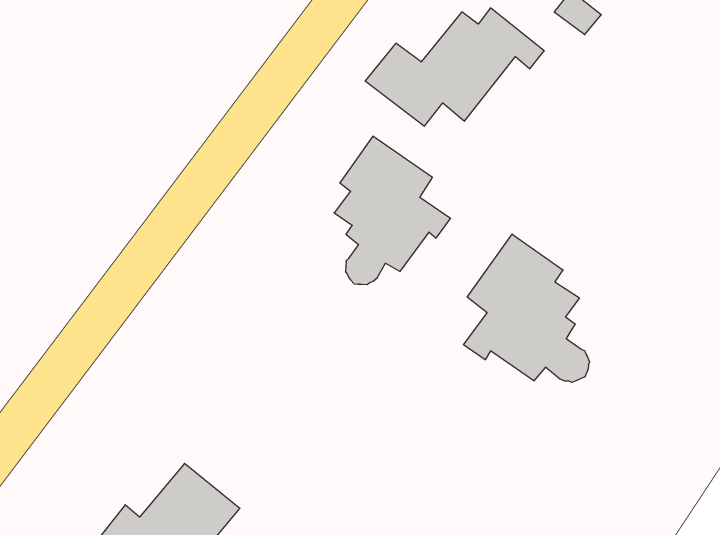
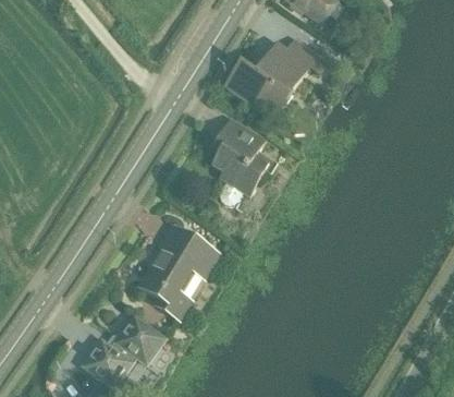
building: [463,234,589,382] -> none
building: none -> [137,224,219,320]

